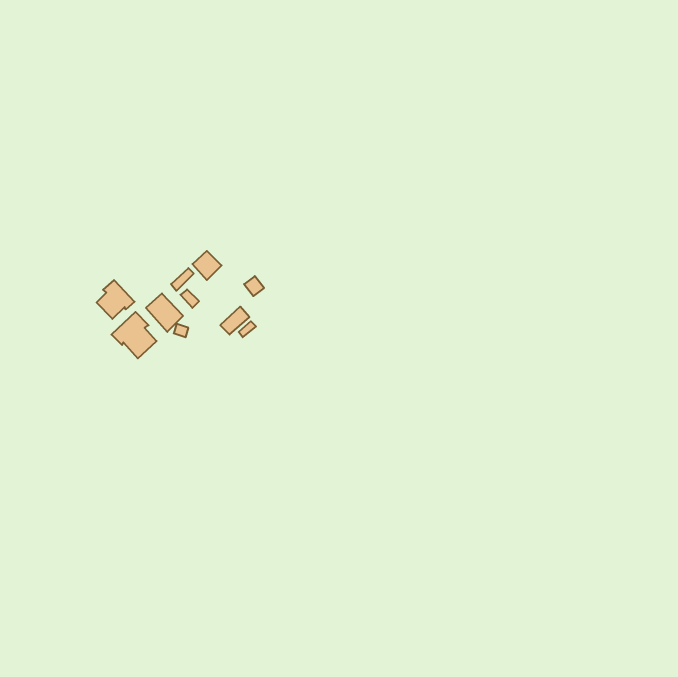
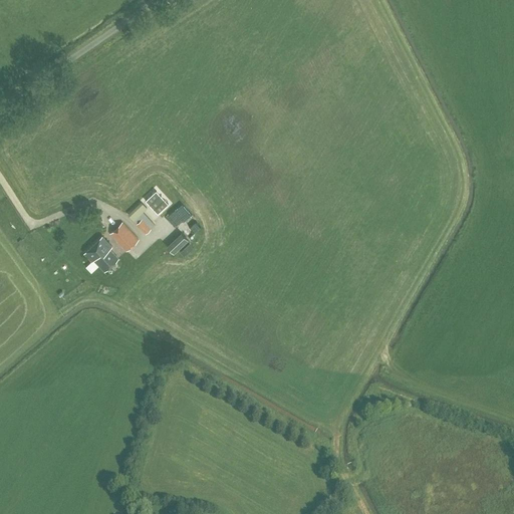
building: [97,280,135,319] -> none

